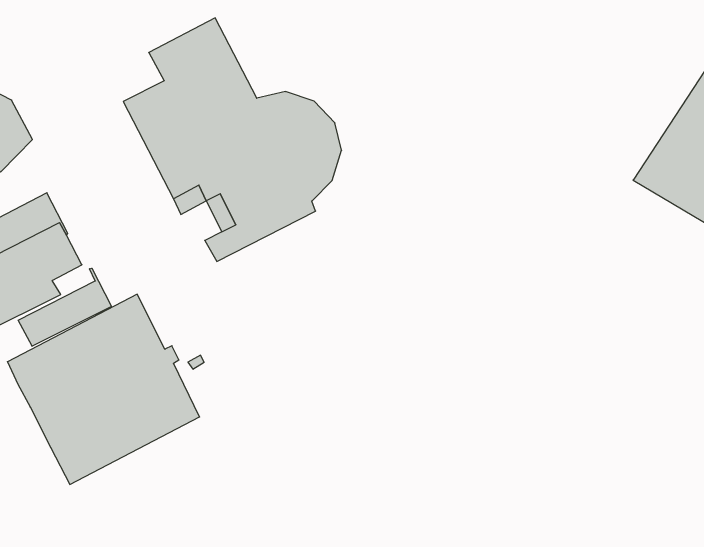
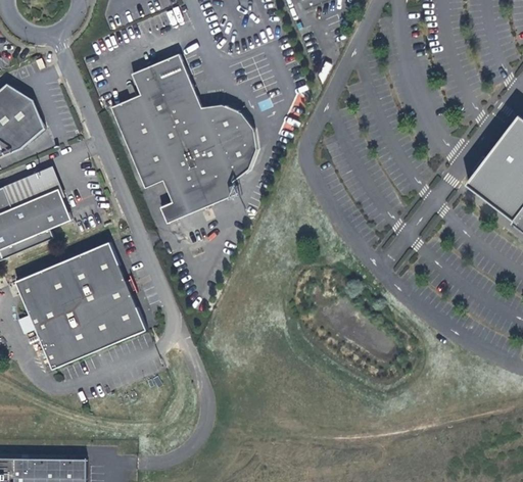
building: [18,268,111,346] -> none

